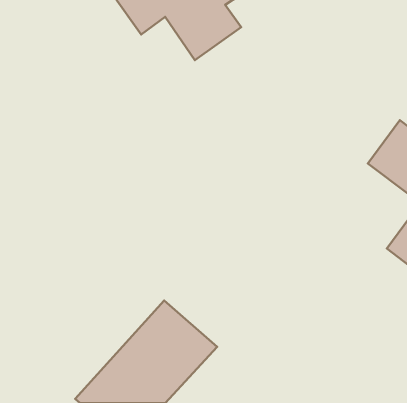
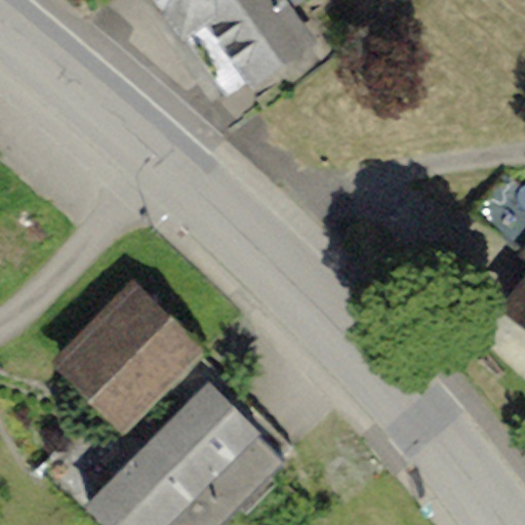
building: none -> [54,284,201,430]

